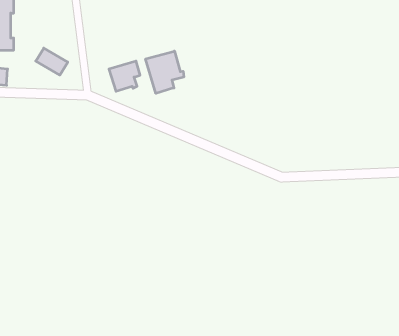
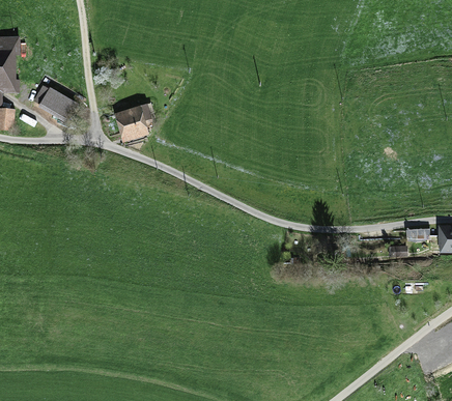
building: [146,51,184,93] -> none

